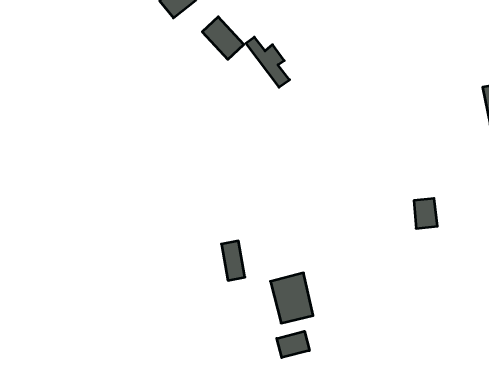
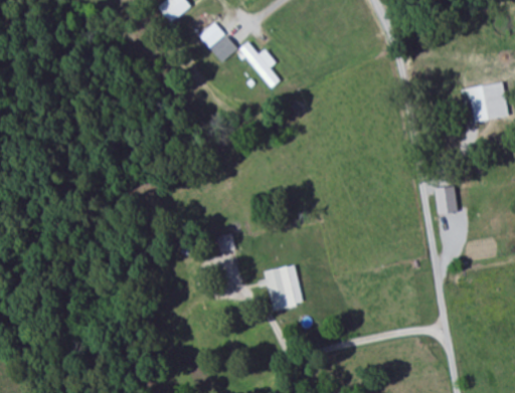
building: [414,198,437,228] -> [435,186,457,214]
building: [277,331,309,358] -> none

